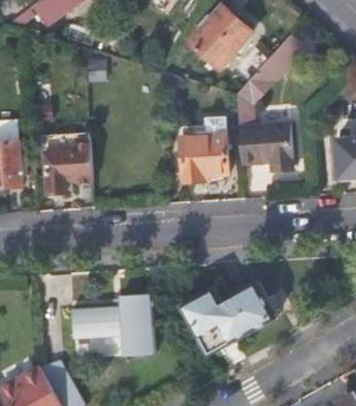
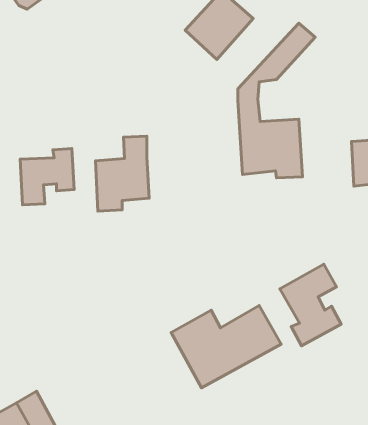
building: [177,115,225,181] -> [95,136,149,211]
building: none -> [280,264,341,346]
building: [72,292,154,353] -> none

